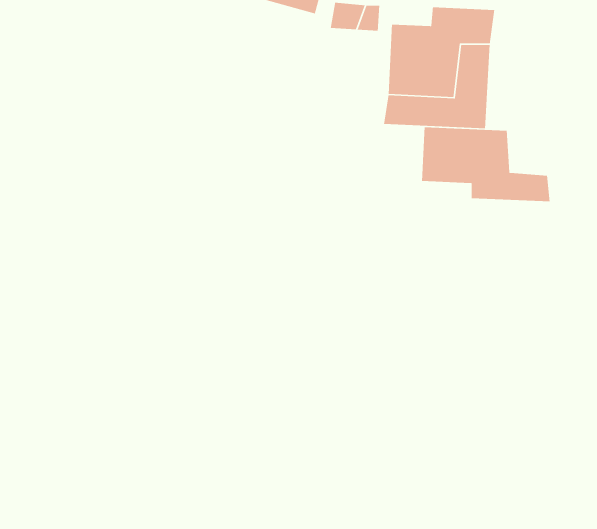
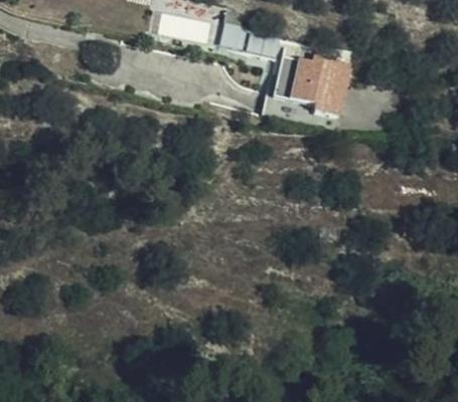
building: [421,126,550,202] -> none

